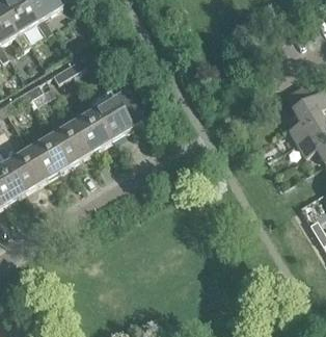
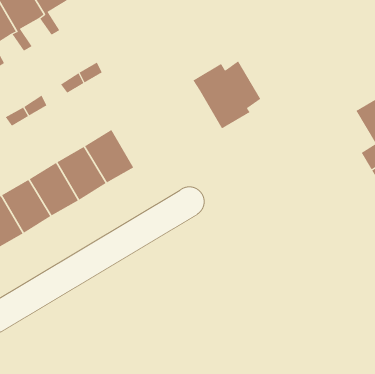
building: [87,85,141,139] -> [193,61,261,129]

